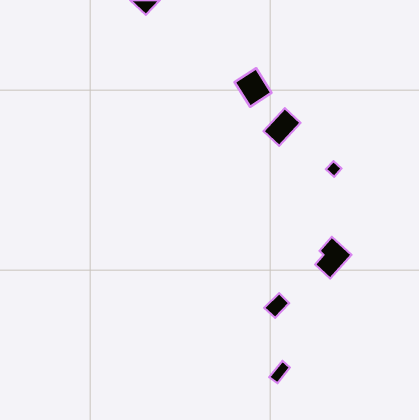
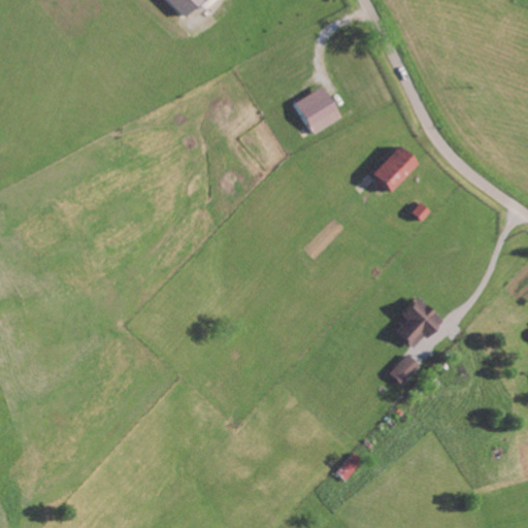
building: [264,108,301,146] -> [370,144,417,192]
building: [264,293,289,318] -> [391,355,422,386]

